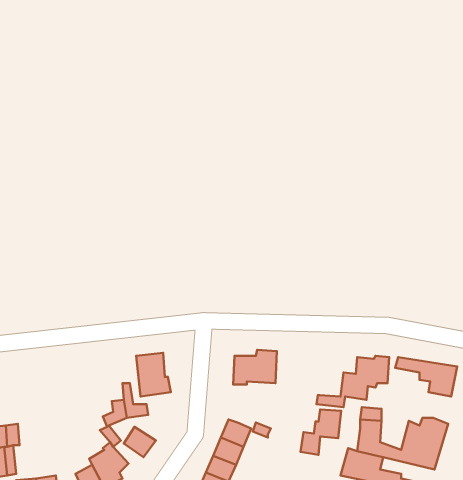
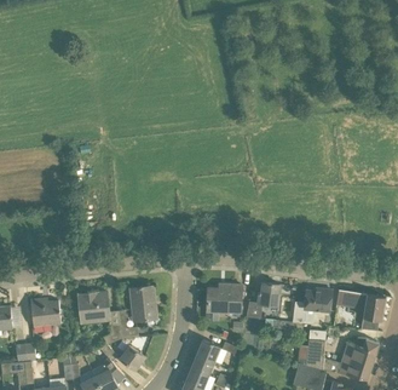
building: none -> [77,291,109,323]
building: none -> [29,298,60,326]
building: [300,409,341,455] -> [246,282,278,319]

